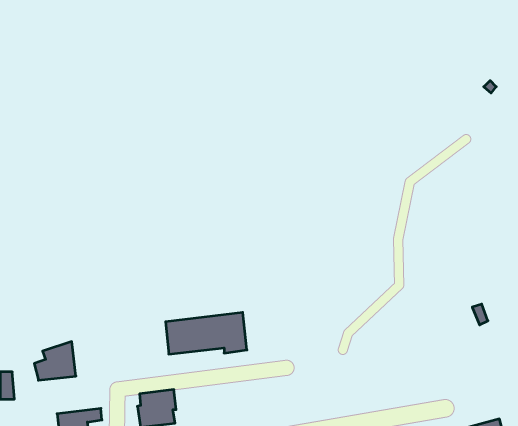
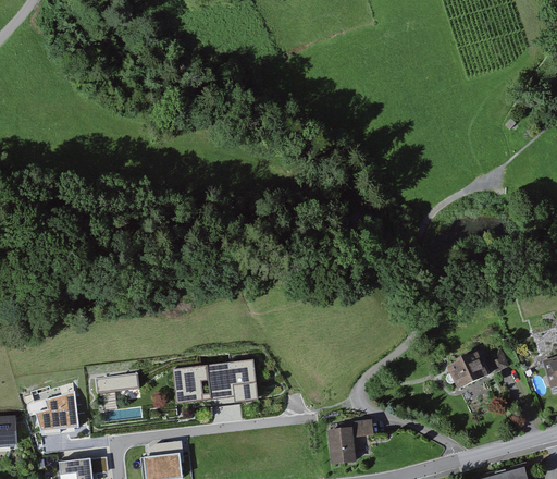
building: none -> [446,352,487,388]
building: none -> [95,372,139,392]
building: none -> [327,419,373,464]

